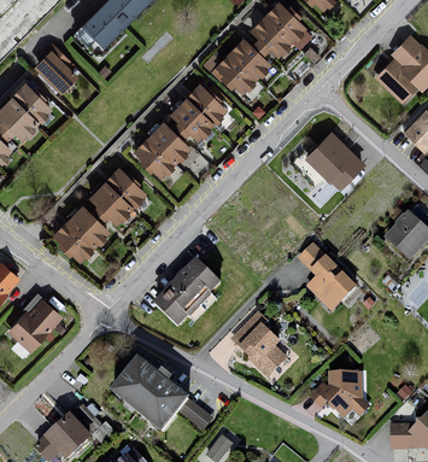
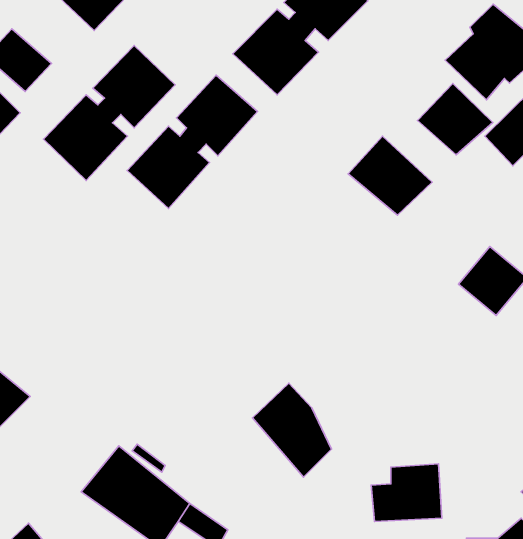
building: none -> [417,84,493,155]
building: [55,169,152,268] -> [43,45,175,181]
building: [294,242,352,312] -> none
building: [154,257,223,327] -> none

